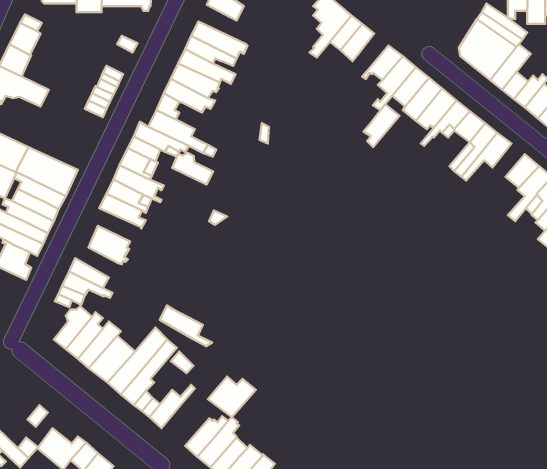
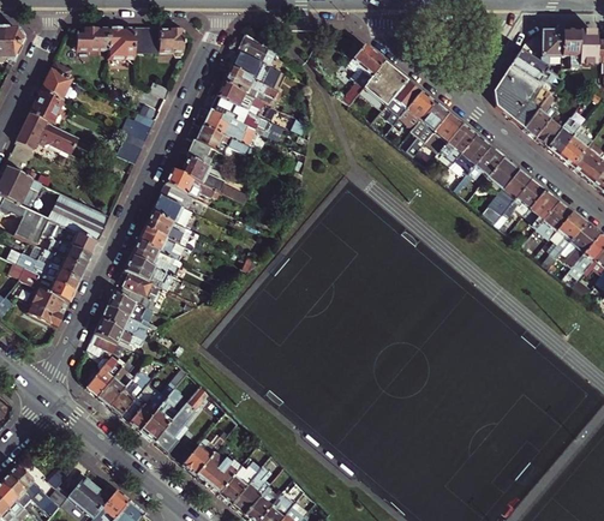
building: none -> [231,50,281,90]
building: [364,104,399,147] -> [385,79,421,122]
building: none -> [525,190,558,227]
building: [172,153,213,185] -> none
building: none -> [124,254,173,289]
building: [160,306,212,346] -> [107,291,160,331]
building: [208,377,256,417] -> [193,453,241,493]

